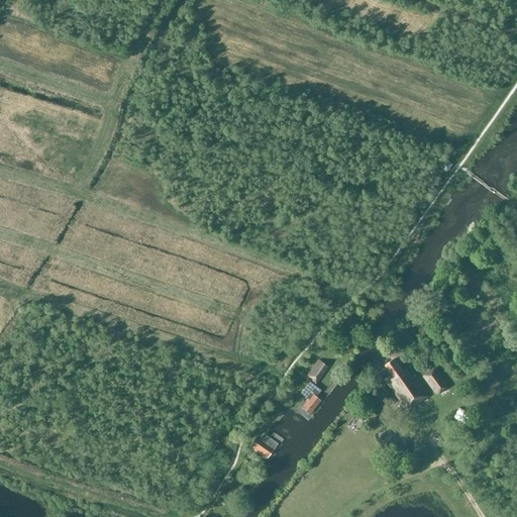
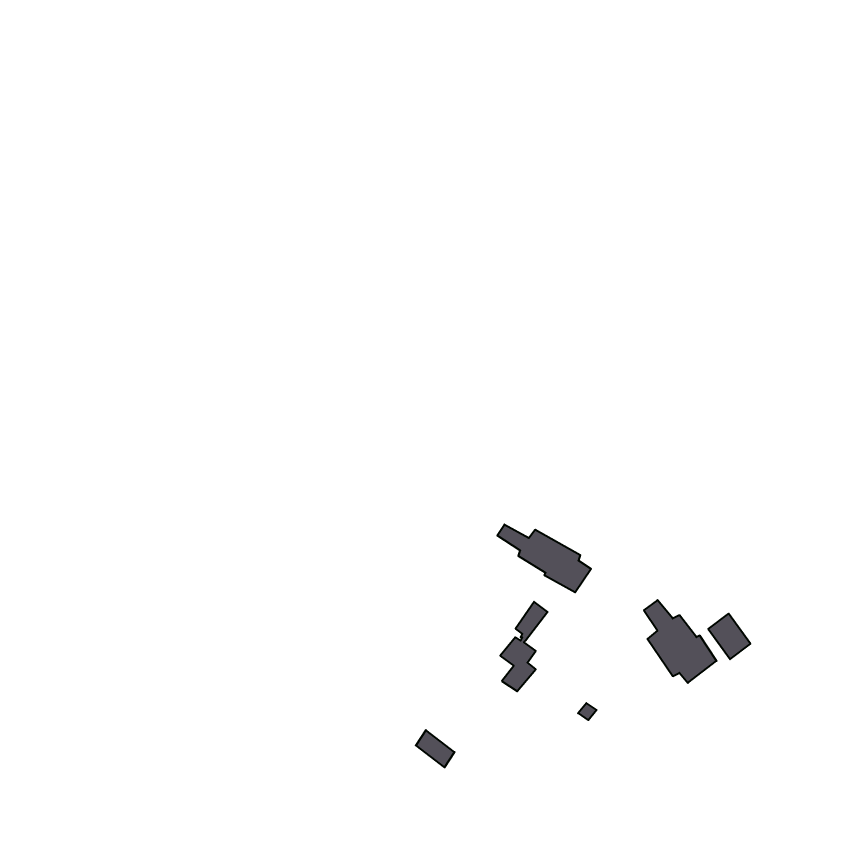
building: none -> [497,524,591,592]

